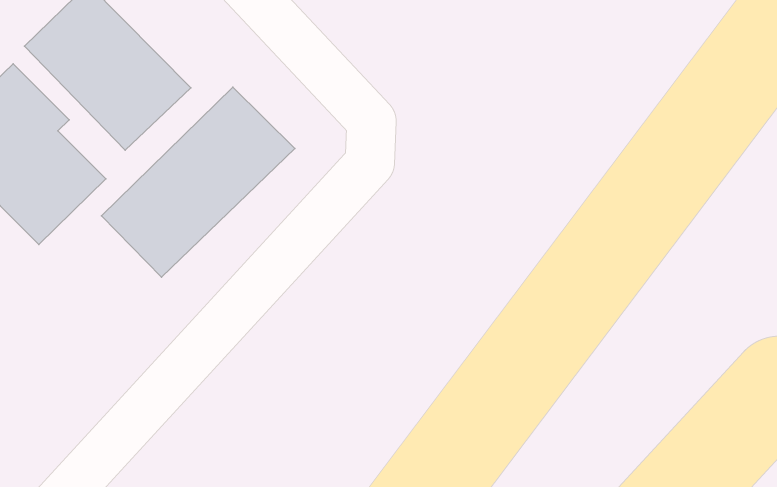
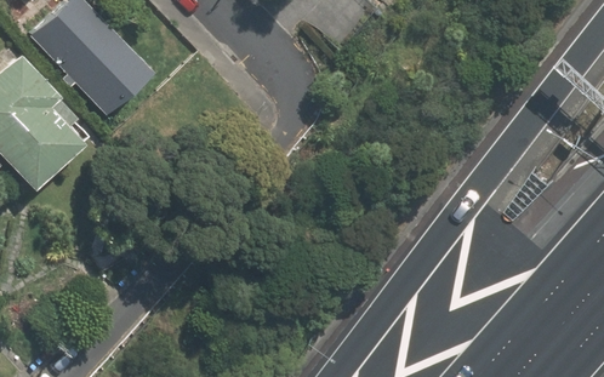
building: [101,87,295,277] -> none

